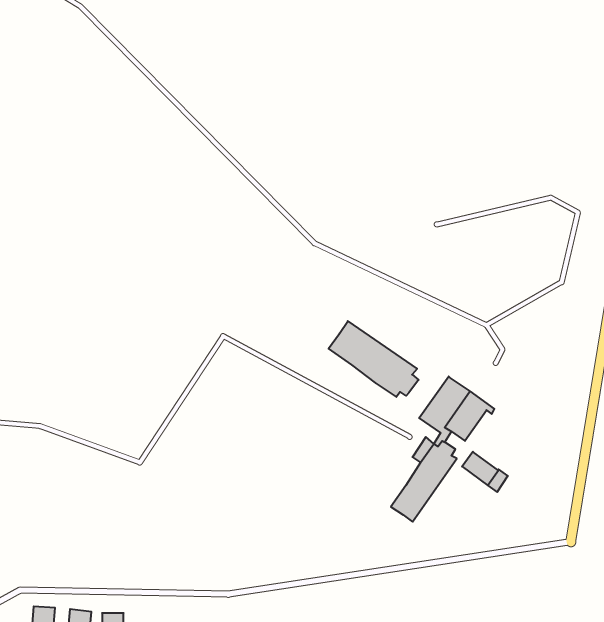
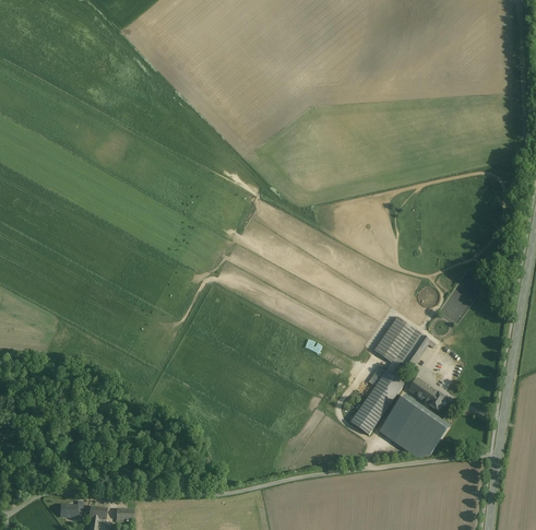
building: [329,321,419,397] -> none
building: none -> [380,394,449,456]

